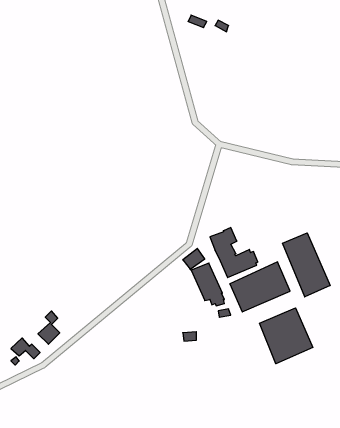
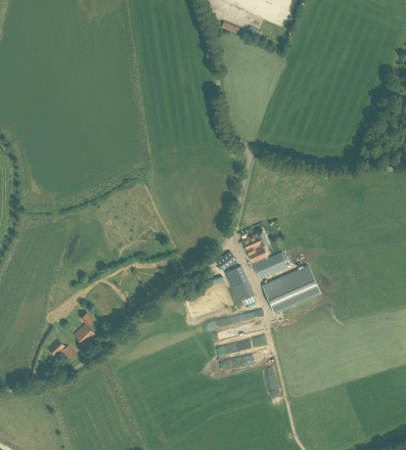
building: [282,233,330,297] -> none
building: [260,308,313,364] -> none

